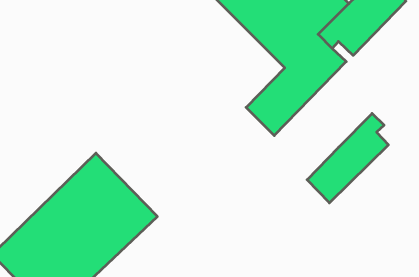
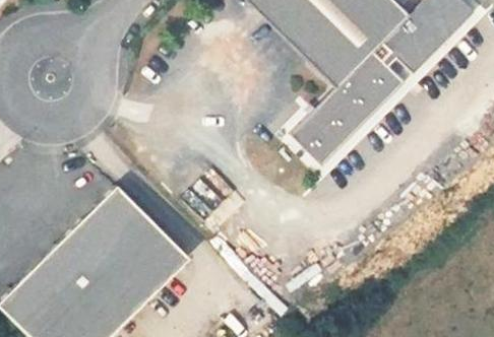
building: [307,113,388,203] -> none

